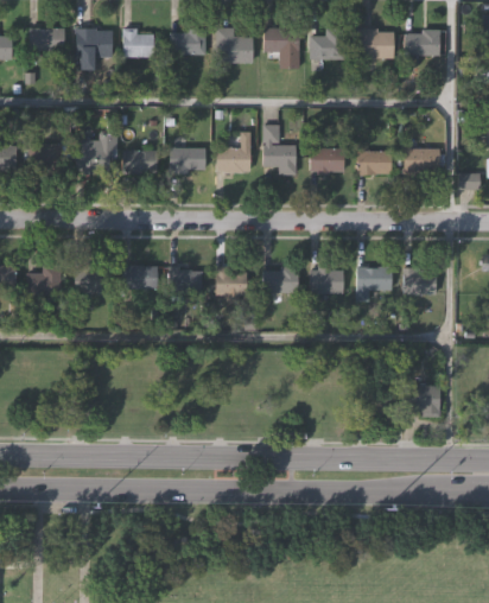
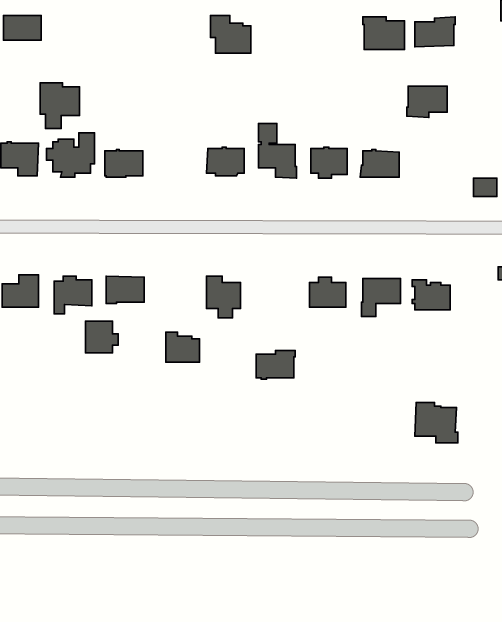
building: [76,27,112,69] -> [40,83,79,128]
building: [121,27,154,57] -> none
building: [172,27,209,53] -> none
building: [265,27,300,52] -> none
building: [311,28,345,61] -> none
building: [169,146,205,174] -> none
building: [402,148,439,177] -> [407,86,447,117]
building: [172,265,203,292] -> [166,332,200,362]
building: [262,267,298,293] -> [256,350,295,379]
building: none -> [86,321,118,353]

